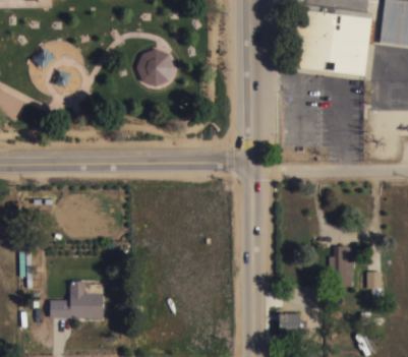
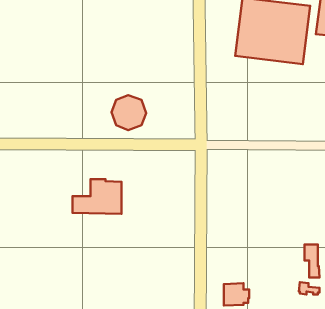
building: [137,49,175,86] -> [111,95,146,130]
building: [330,245,355,286] -> none
building: [51,281,104,318] -> [73,179,121,214]

